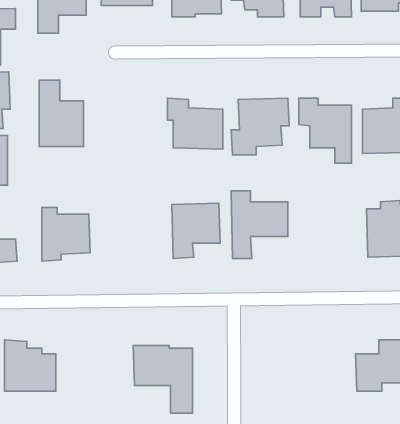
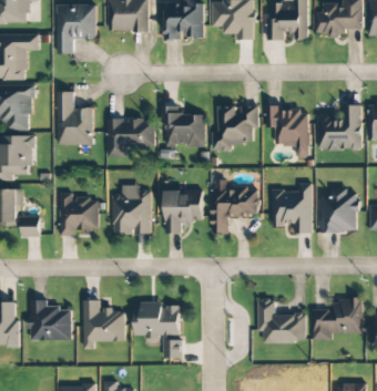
building: none -> [108,119,155,157]
building: none -> [273,183,313,234]
building: none -> [113,185,152,234]
building: none -> [258,299,307,342]
building: none -> [84,300,125,349]

